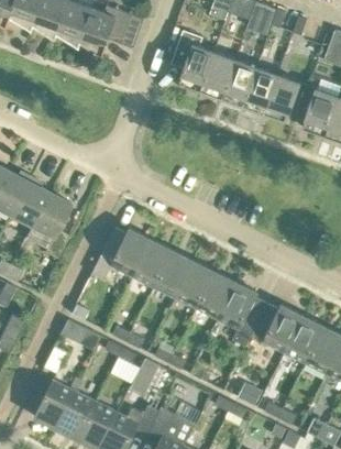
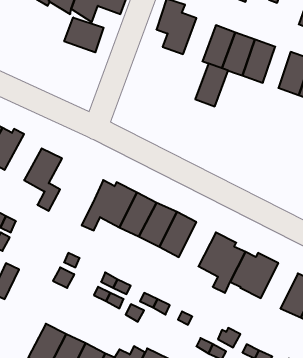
building: none -> [64,17,104,52]
building: [200,52,235,98] -> [195,63,228,106]
building: [9,176,48,226] -> none
building: [196,271,235,318] -> none
building: [284,315,323,363] -> none

